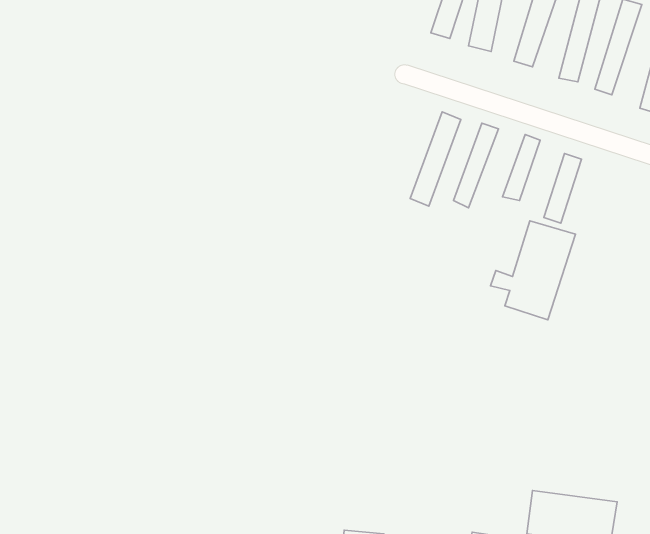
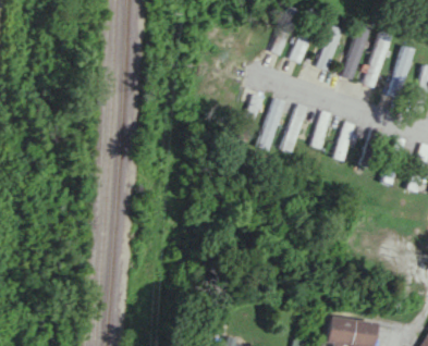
building: [491,221,576,320] -> none

